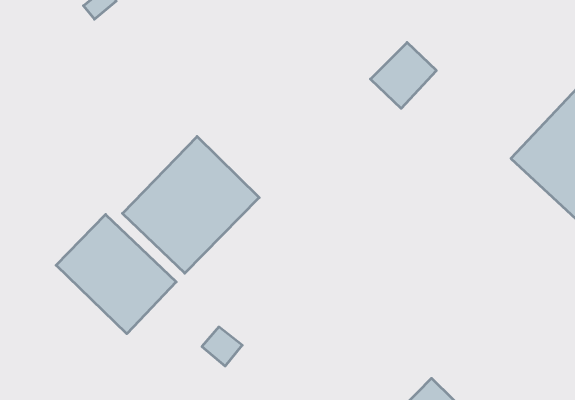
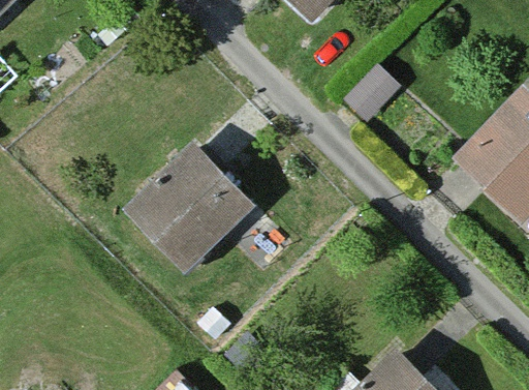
building: [56,214,176,334] -> none

